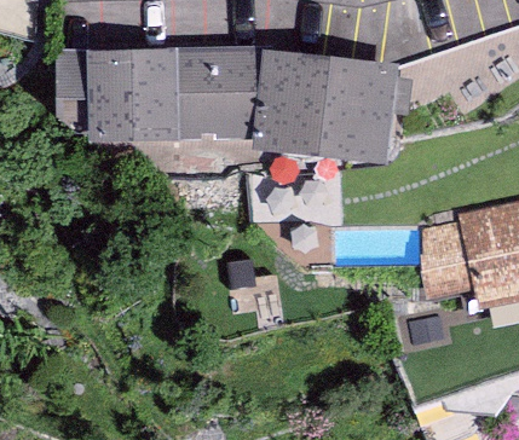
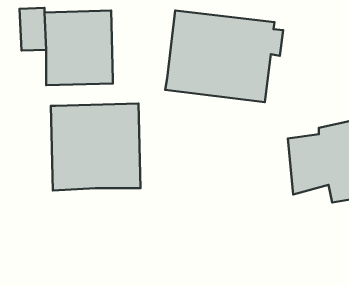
building: [178,41,265,144] -> none
building: none -> [51,104,141,191]

